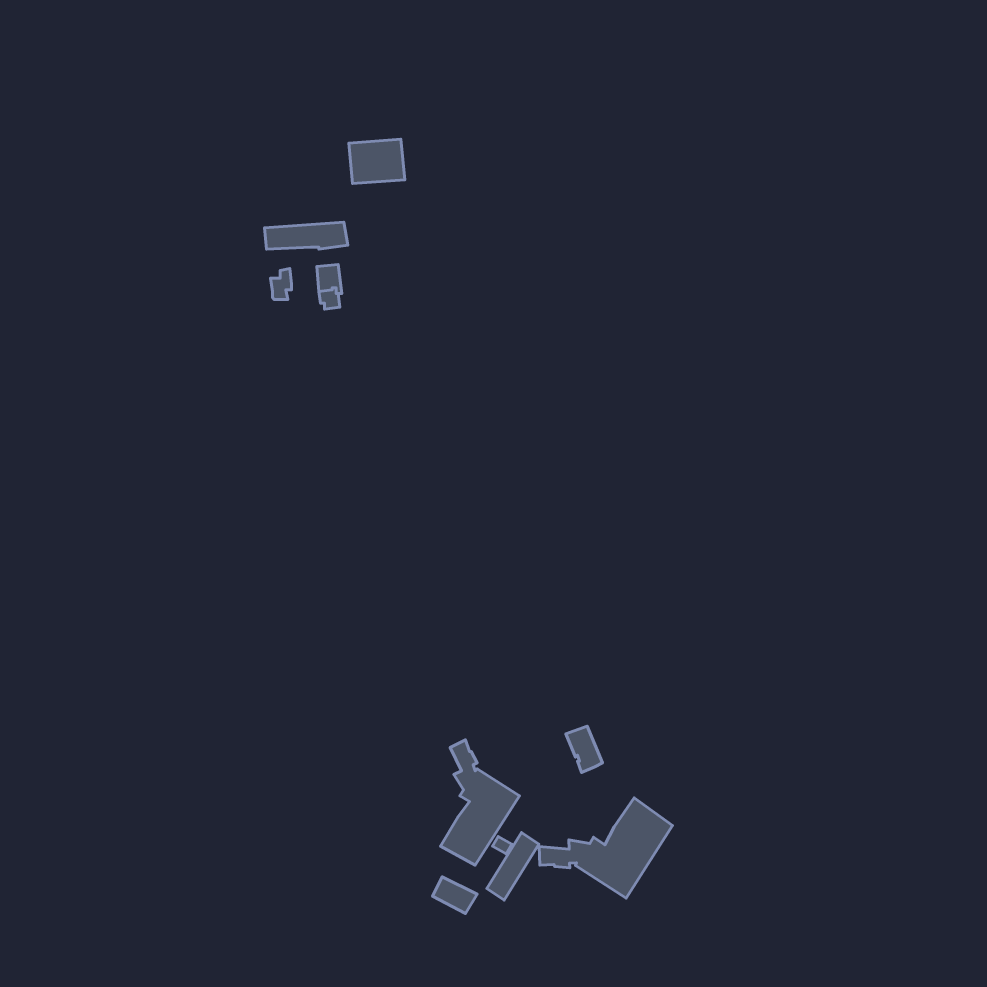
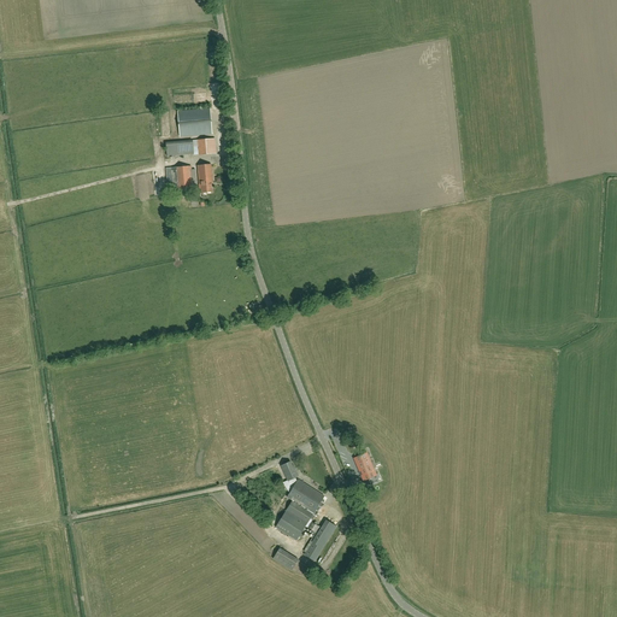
building: [349,139,405,184] -> [177,108,212,136]
building: [539,798,673,898] -> none

